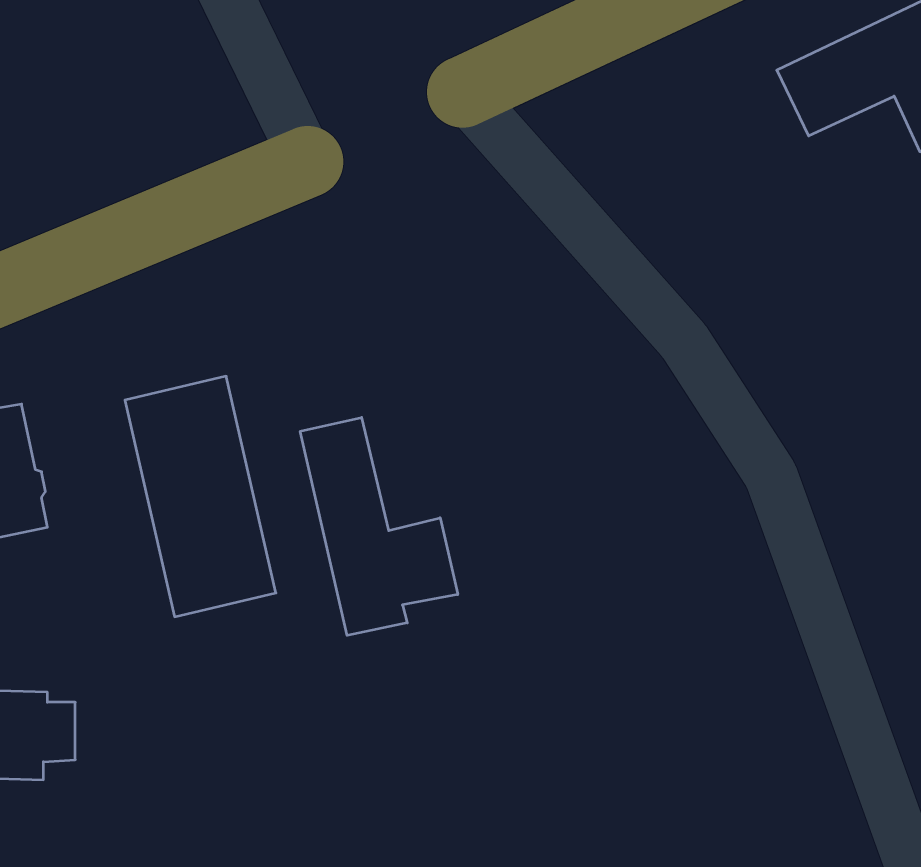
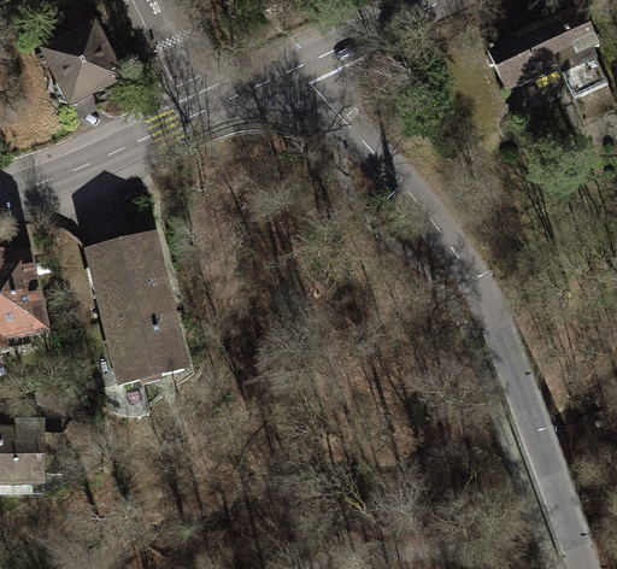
building: none -> [41,19,119,105]
building: [300,417,458,635] -> none

